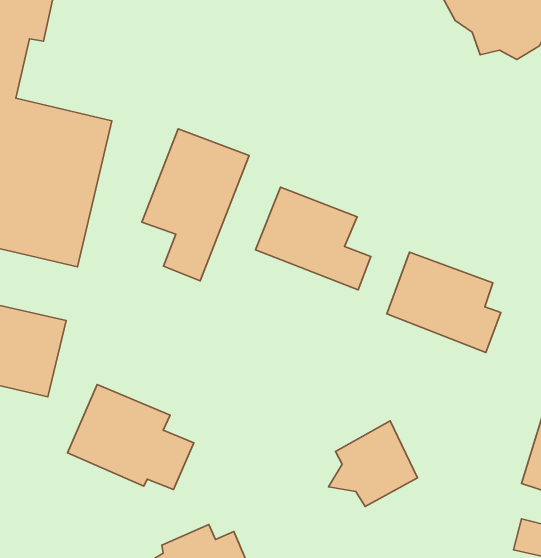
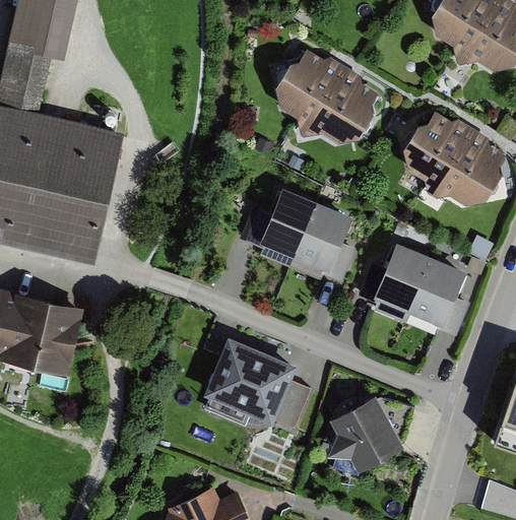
building: none -> [268,52,374,141]
building: none -> [395,117,501,206]
building: [142,129,249,281] -> none
building: [67,385,194,489] -> [198,337,311,431]

